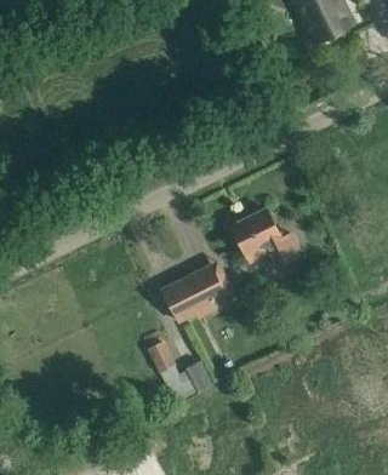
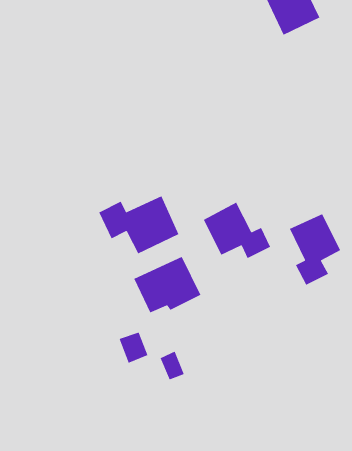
building: none -> [98,195,179,255]
building: none -> [289,213,341,286]

